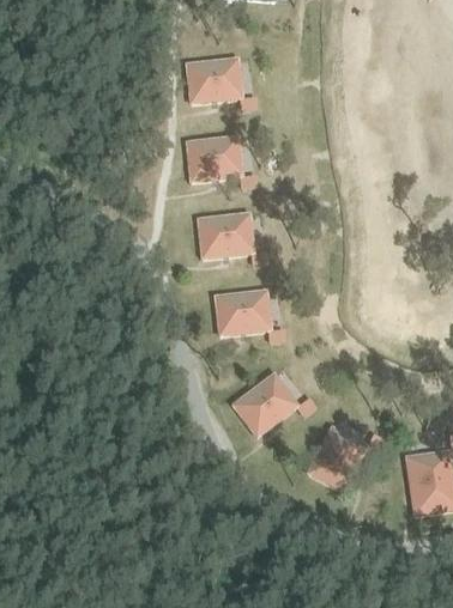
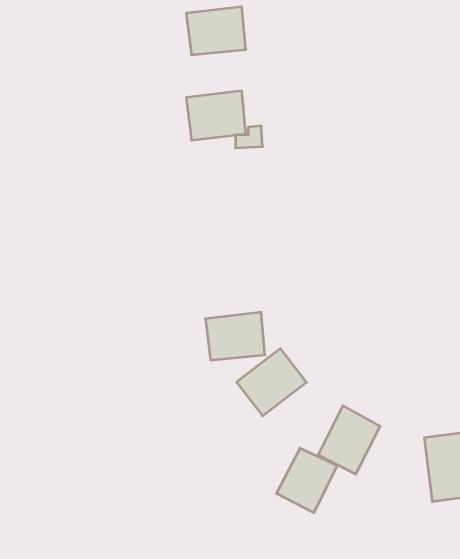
building: [199,212,254,256] -> none
building: [215,290,270,334] -> [205,312,265,360]
building: none -> [276,448,337,513]

